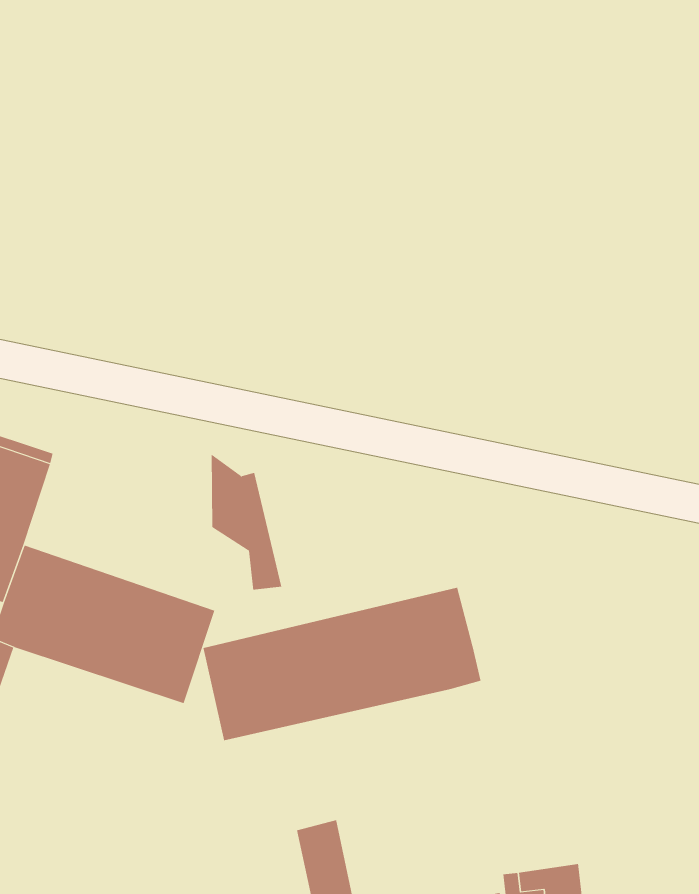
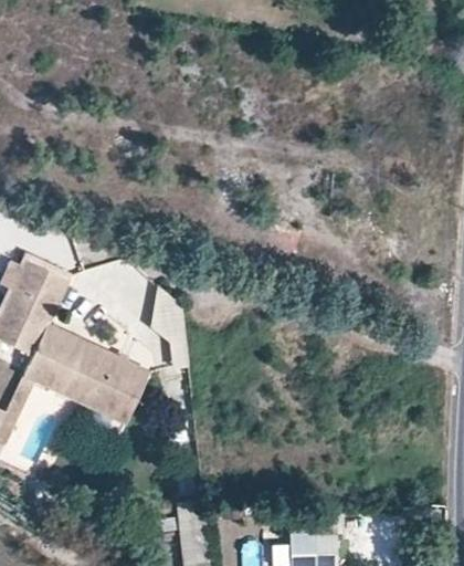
building: [203,587,481,741] -> none

